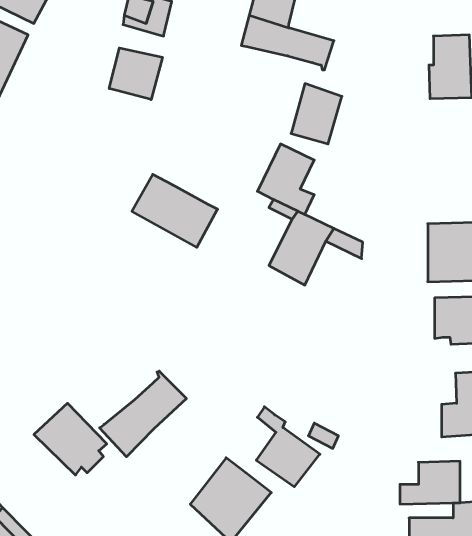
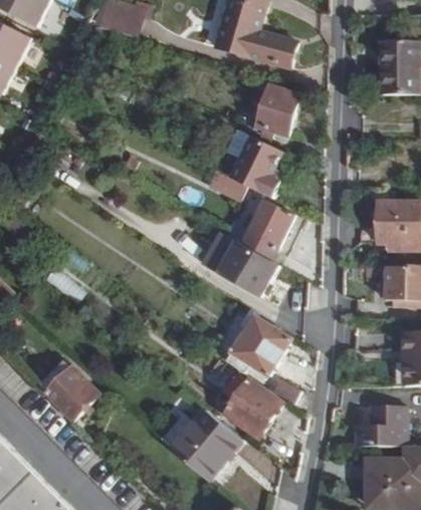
building: [109,48,162,100] -> none
building: [132,174,218,247] -> [204,230,278,293]
building: none -> [227,305,292,370]
building: [100,371,186,457] -> none

